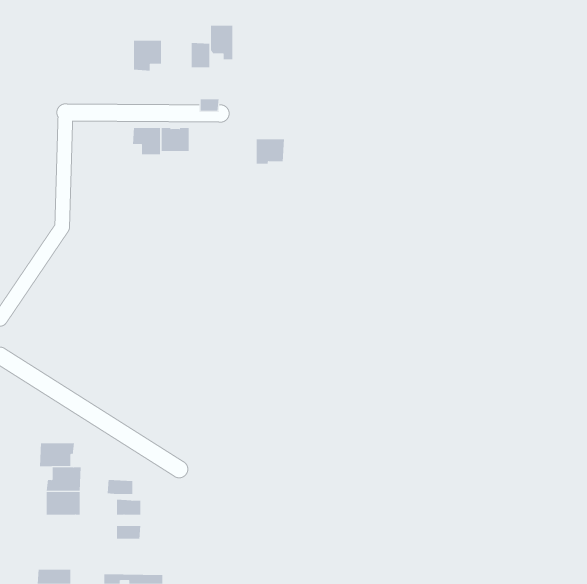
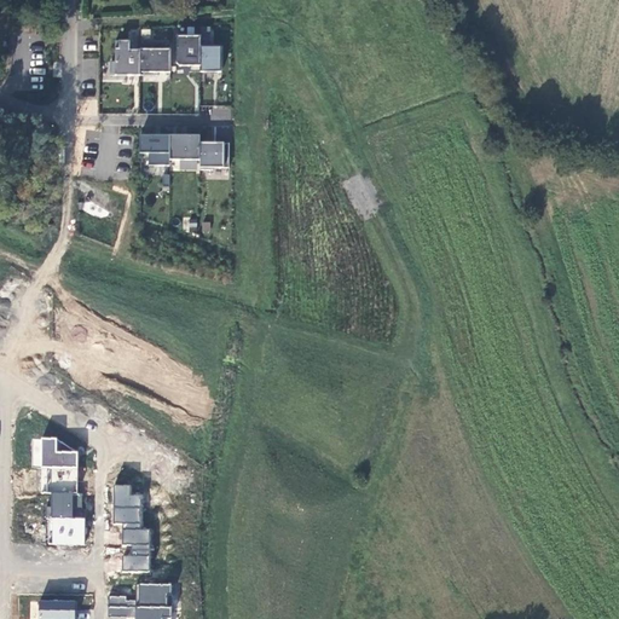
building: [210,25,233,60] -> [177,35,201,71]
building: none -> [111,40,140,74]
building: [256,139,285,164] -> [199,143,230,169]
building: none -> [42,438,79,467]
building: none -> [114,482,141,507]
building: none -> [109,583,172,606]

